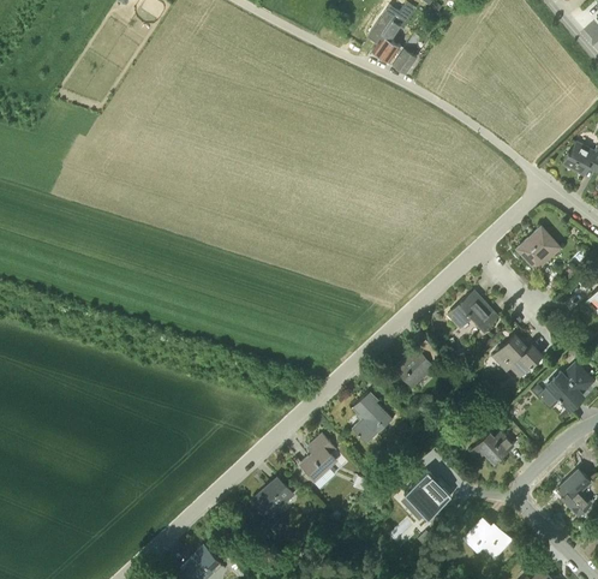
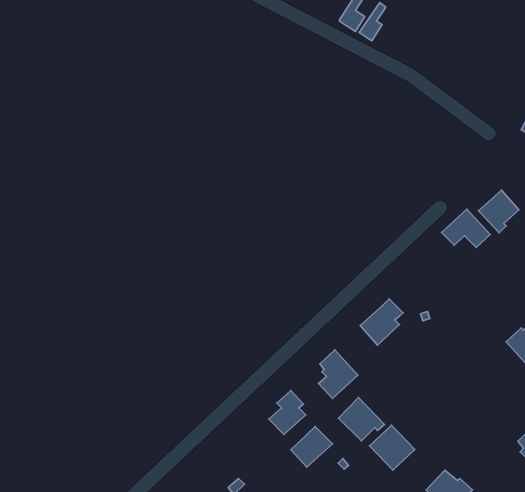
building: [447,291,497,330] -> [441,209,490,247]
building: [491,334,542,377] -> none
building: [470,430,514,464] -> none
building: none -> [339,398,384,441]
building: [251,477,294,519] -> [291,427,332,467]

